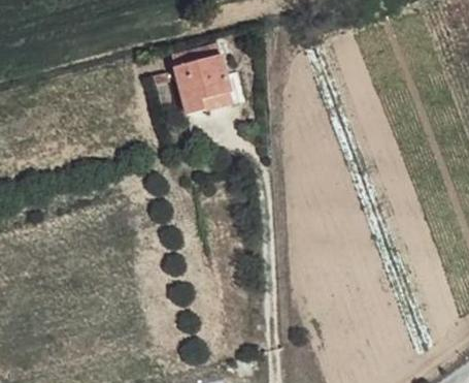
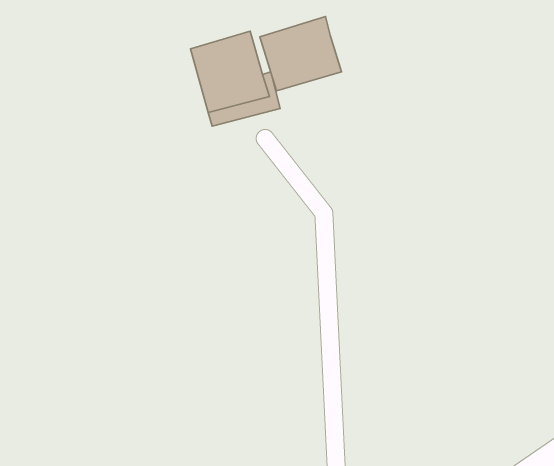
building: none -> [260,16,342,91]

